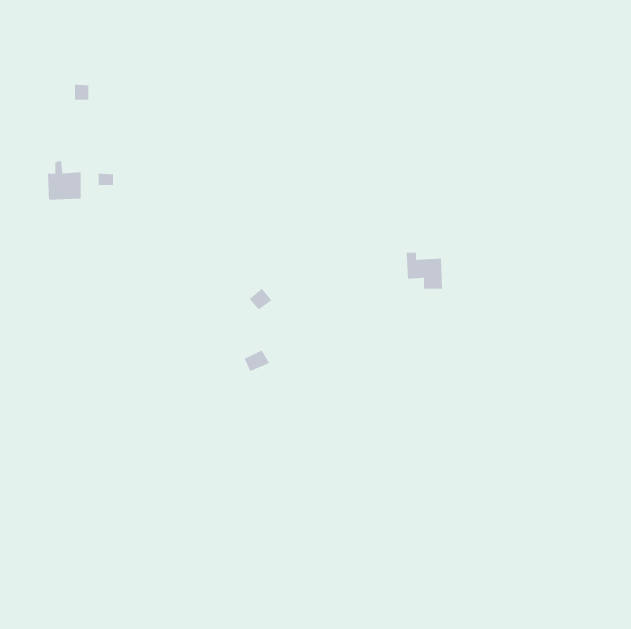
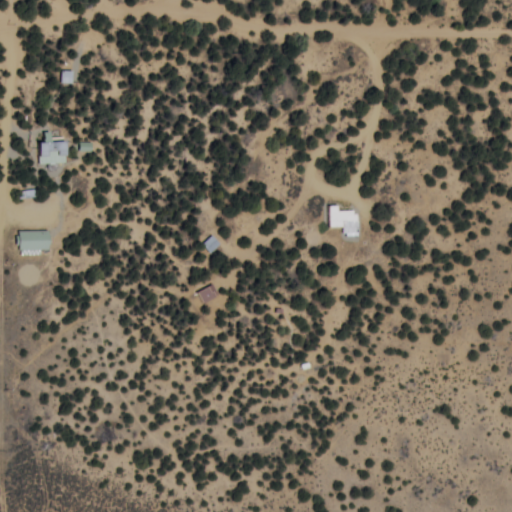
building: none -> [18,231,51,251]

